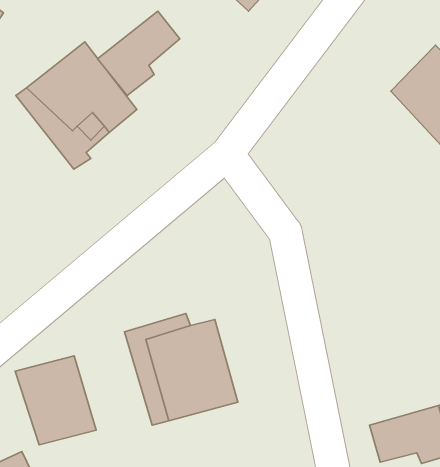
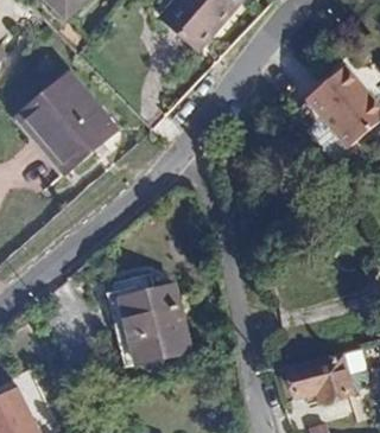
building: [98,11,180,95] -> none
building: [15,356,96,445] -> none

